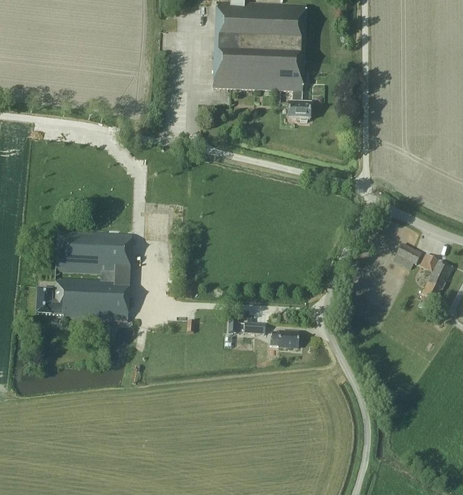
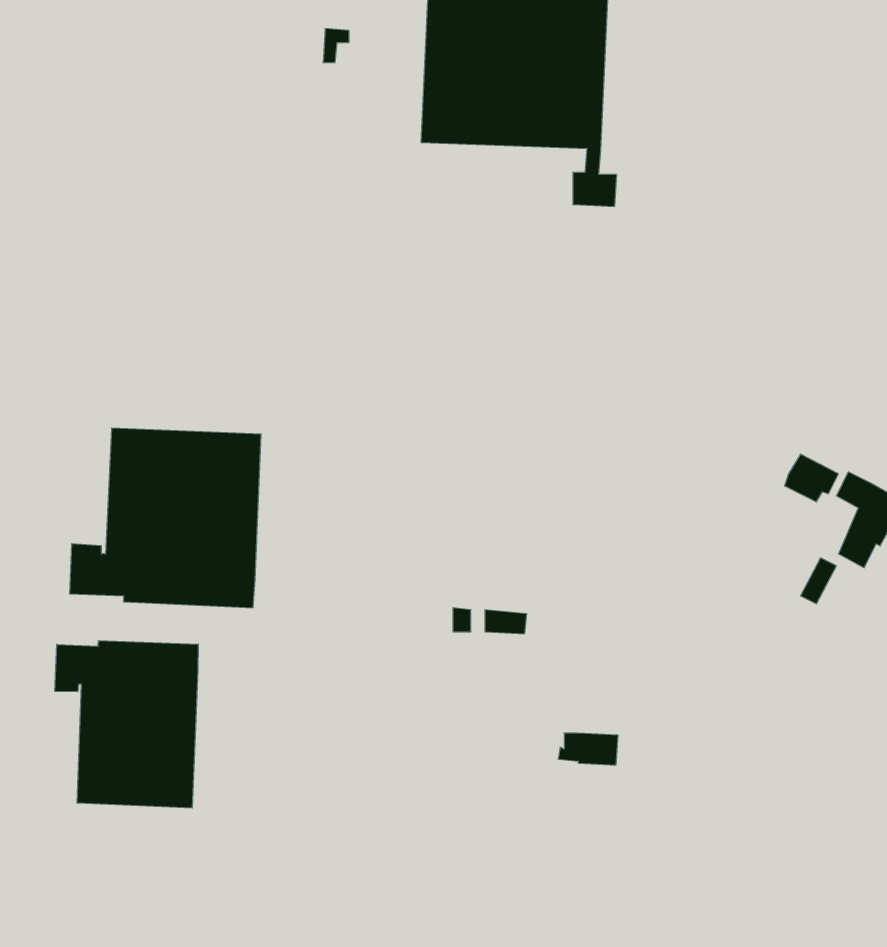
building: [269,331,299,347] -> [558,733,618,765]
building: none -> [55,641,198,808]

